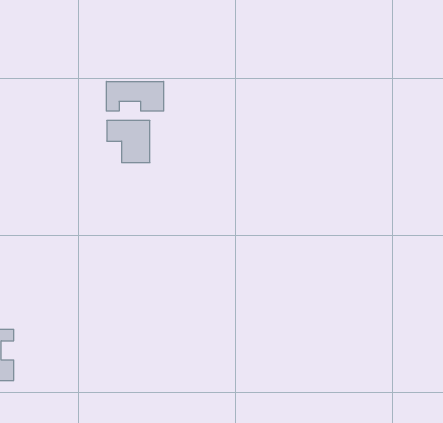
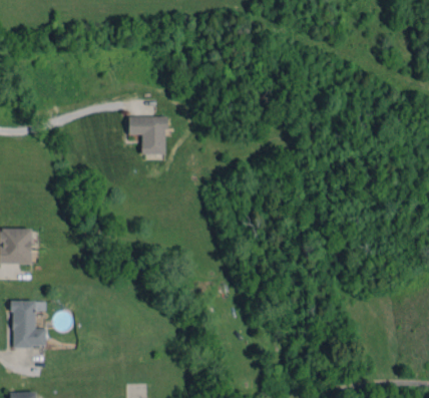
building: [106,81,164,111] -> none

